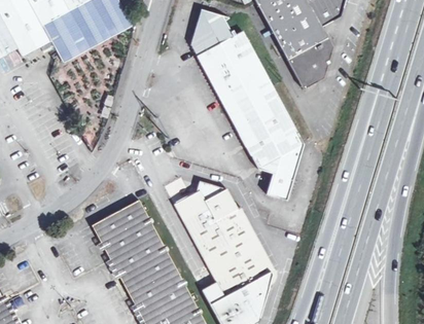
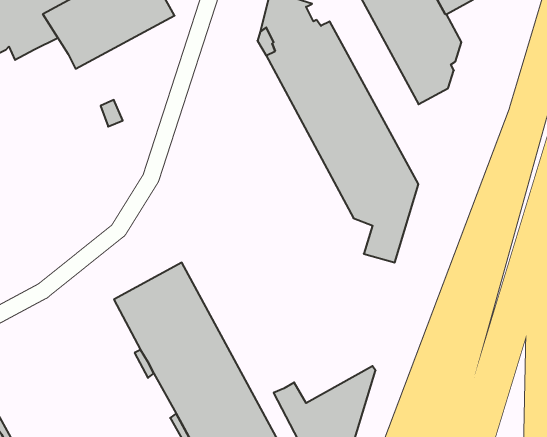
building: [174,181,274,296] -> none

